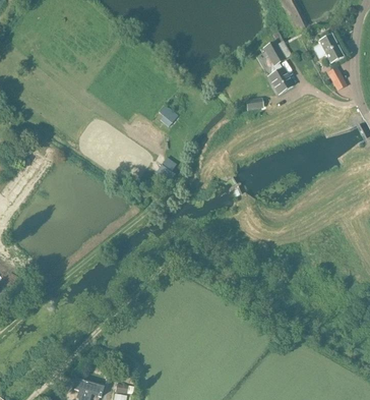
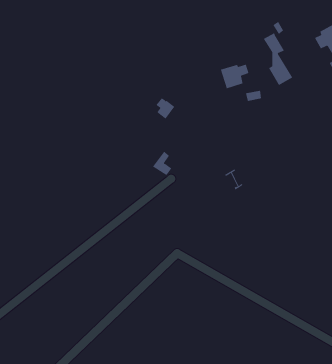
building: none -> [220,64,249,89]

